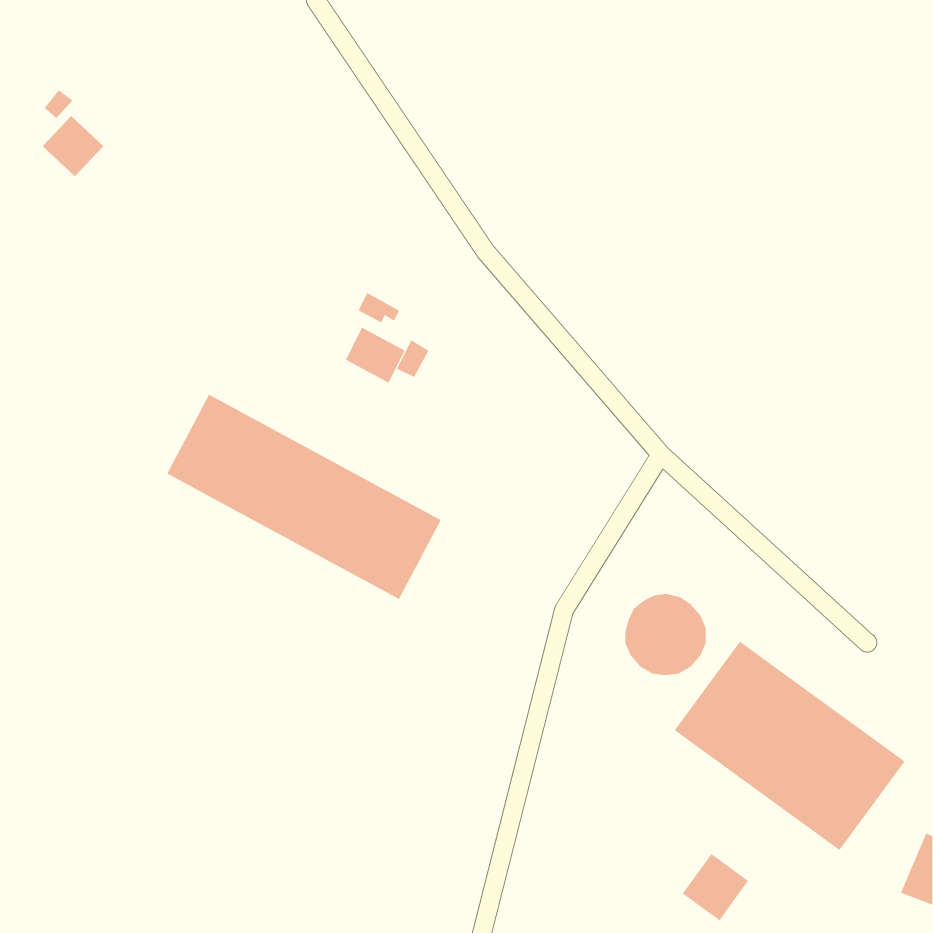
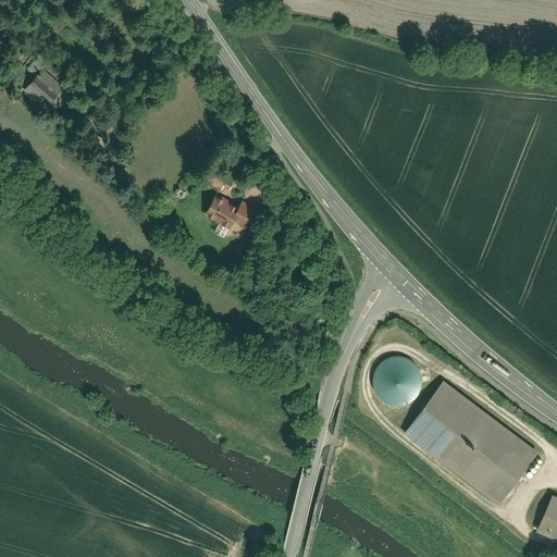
building: [166,394,442,600] -> none
building: [682,853,749,921] -> none

